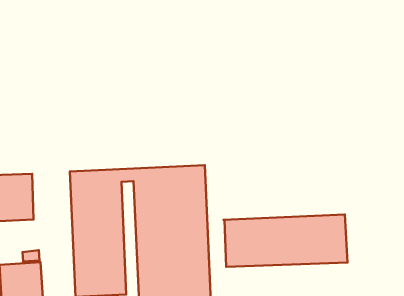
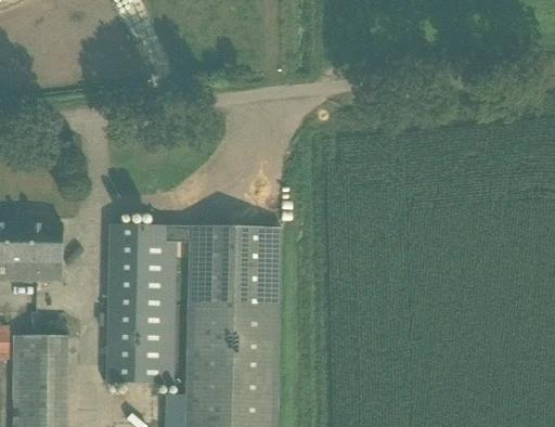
building: [223,214,348,267] -> none

